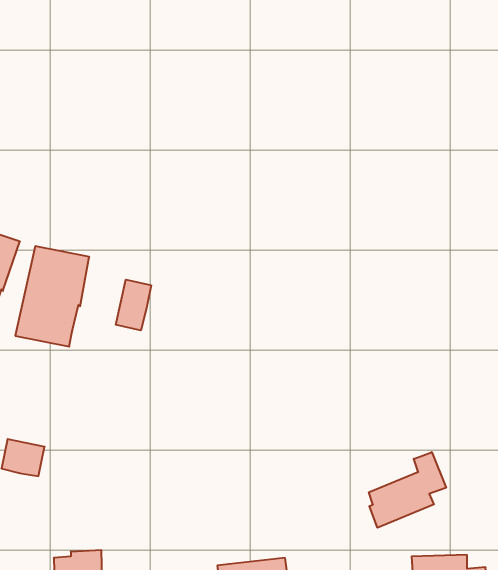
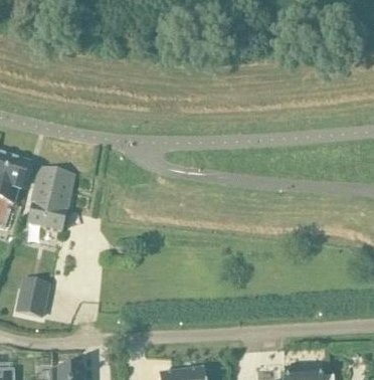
building: [116,280,151,330] -> none
building: [369,452,446,528] -> none

